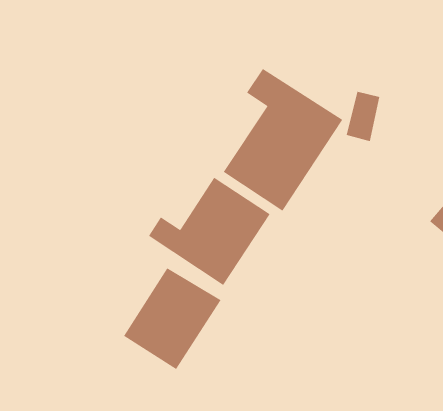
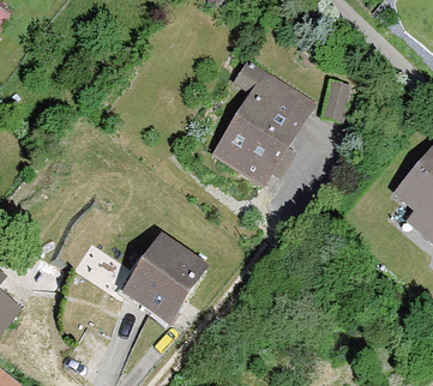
building: [148,177,271,286] -> none

